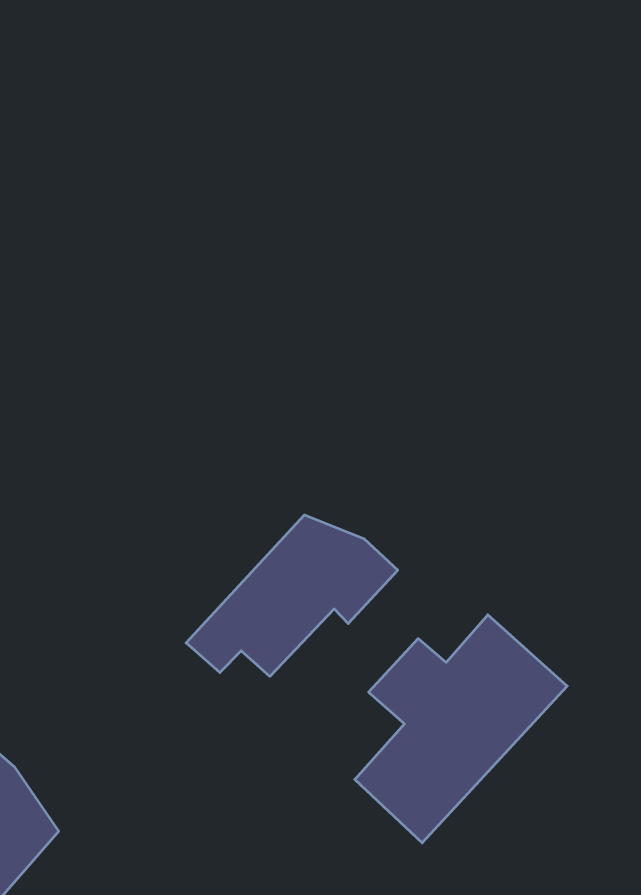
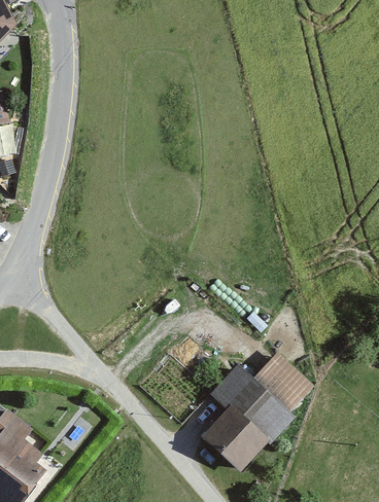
building: [186,515,398,676] -> none

